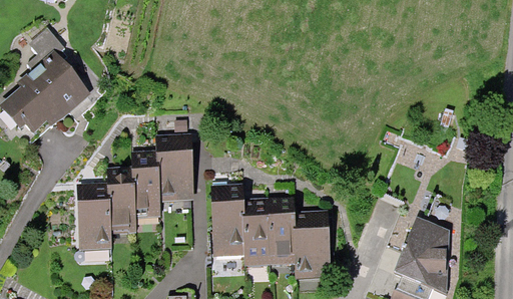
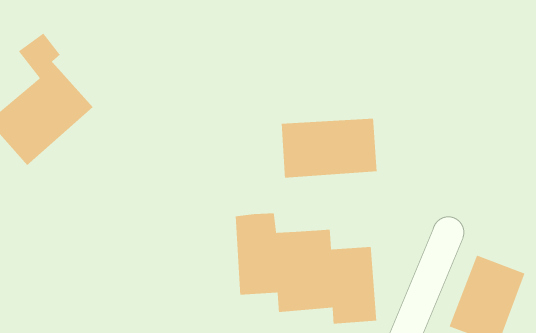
building: none -> [281,118,377,178]
building: [75,145,192,254] -> none

